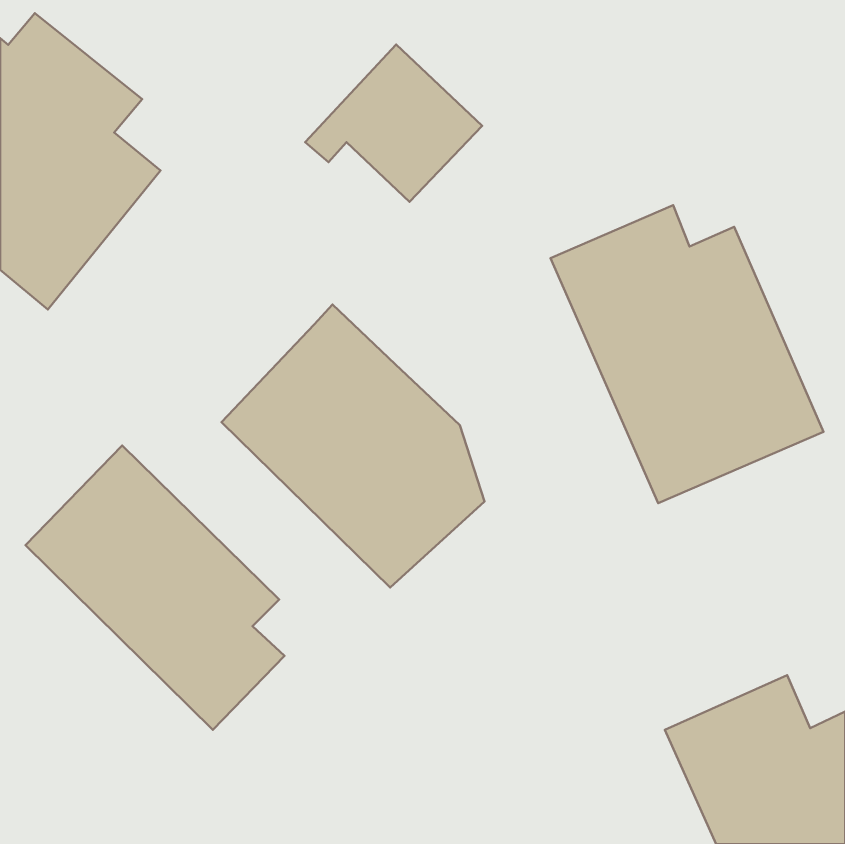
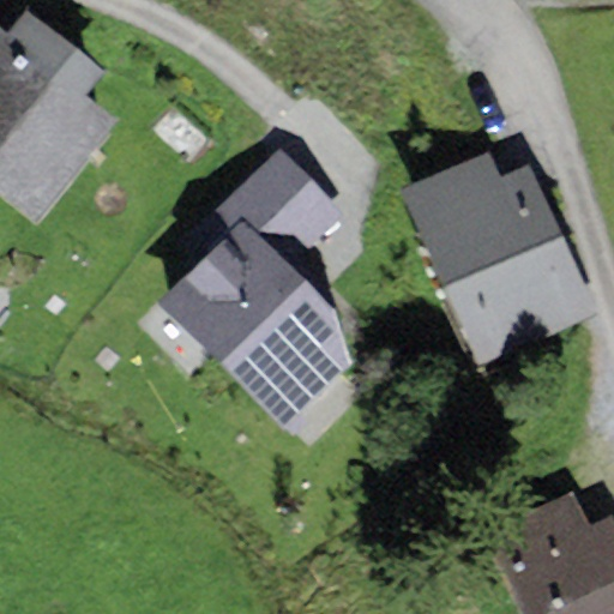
building: [305,45,482,202] -> [211,150,339,264]
building: [26,445,285,730] -> none

